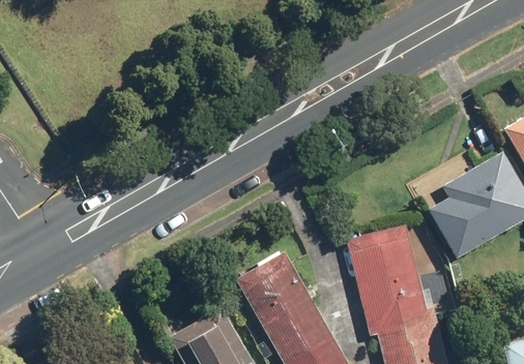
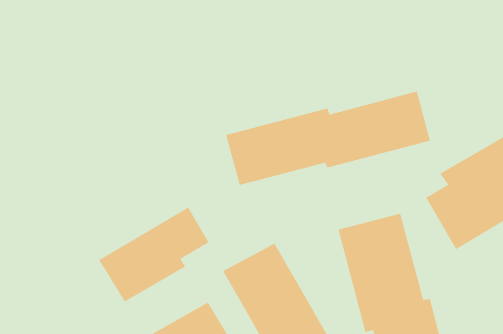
building: none -> [225,90,431,186]
building: none -> [98,206,210,302]

